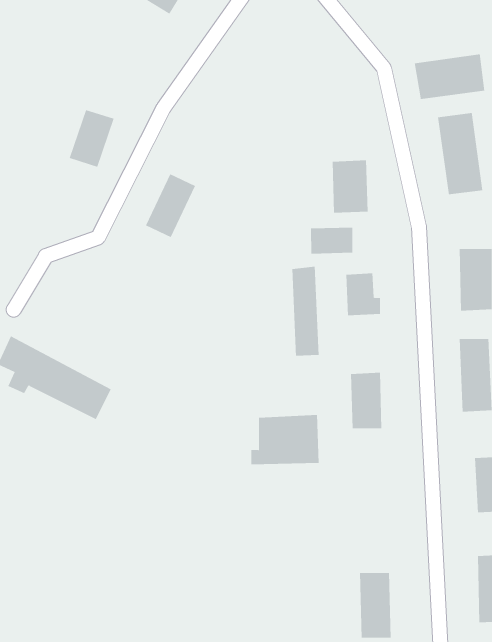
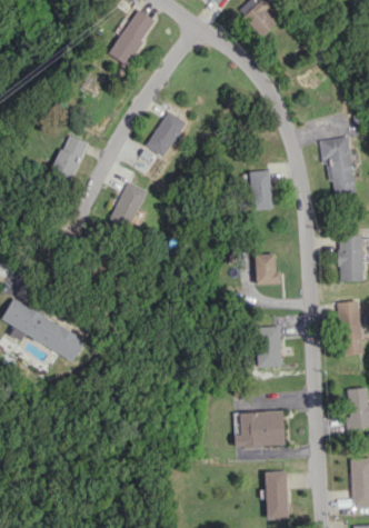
building: [414,54,485,100] -> none
building: none -> [147,111,186,158]
building: [311,227,353,254] -> none
building: [292,266,319,356] -> none
building: [251,414,319,465] -> [236,410,286,447]

